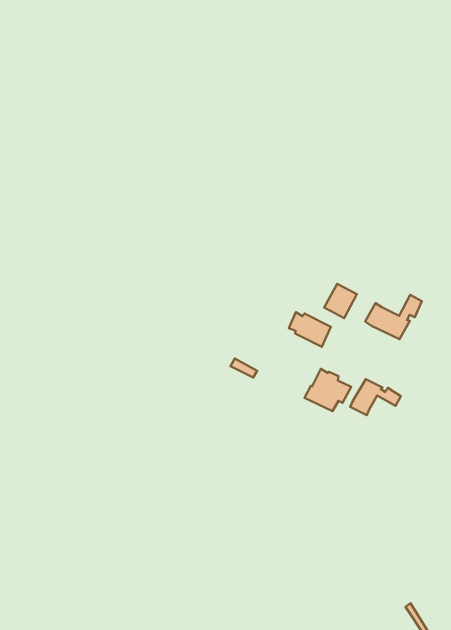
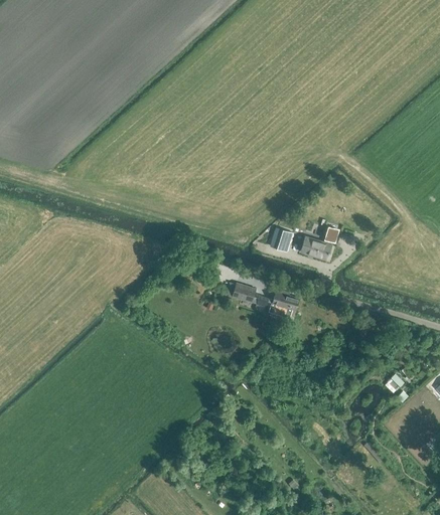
building: [289,312,331,347] -> [227,282,256,303]
building: [350,379,401,415] -> none

